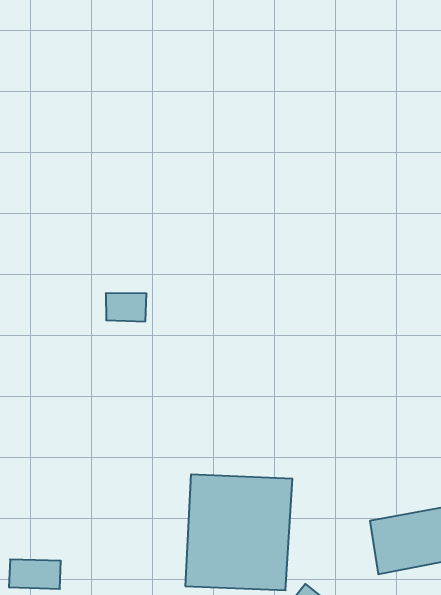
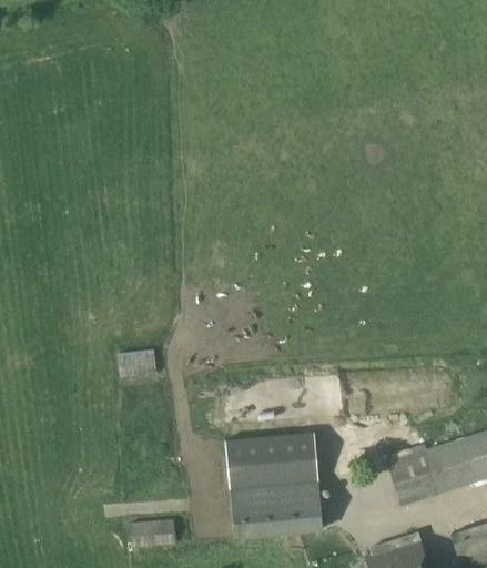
building: [106,293,147,321] -> [119,348,156,376]
building: [9,559,61,589] -> [130,518,176,547]

